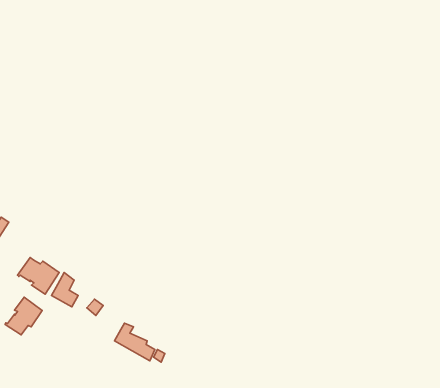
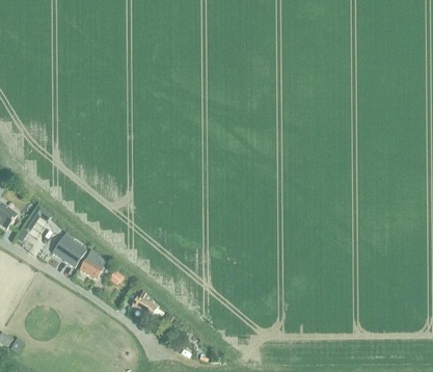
building: [5,297,42,335] -> none

